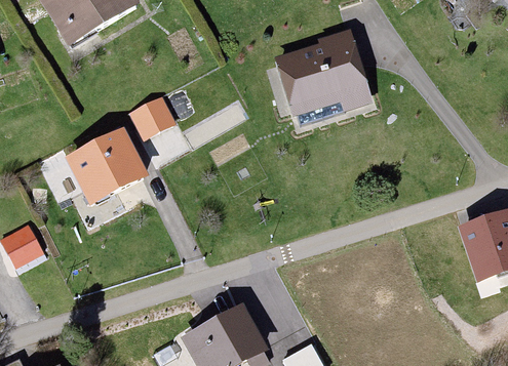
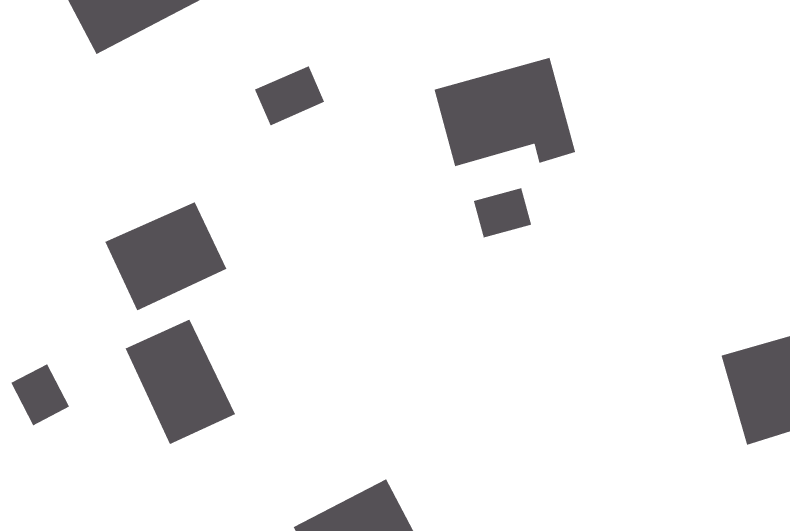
building: [129,95,174,134] -> [254,65,325,127]
building: none -> [473,187,532,238]
building: none -> [125,319,236,445]

